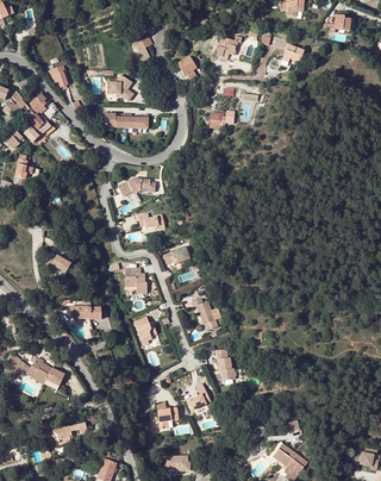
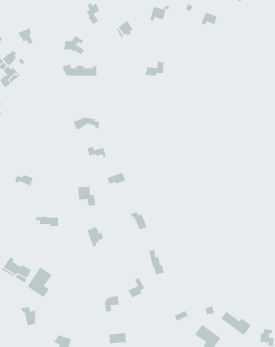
building: none -> [27,267,53,298]
building: none -> [221,311,252,336]

